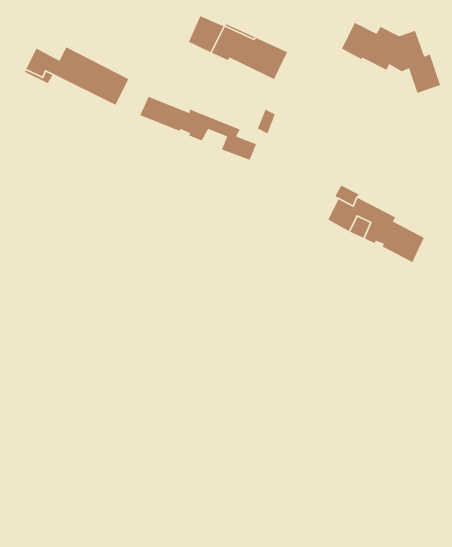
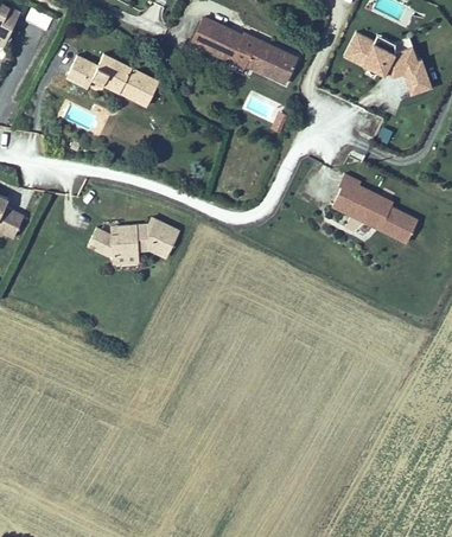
building: none -> [191,18,221,50]
building: [139,96,257,161] -> none
building: none -> [88,218,179,257]

